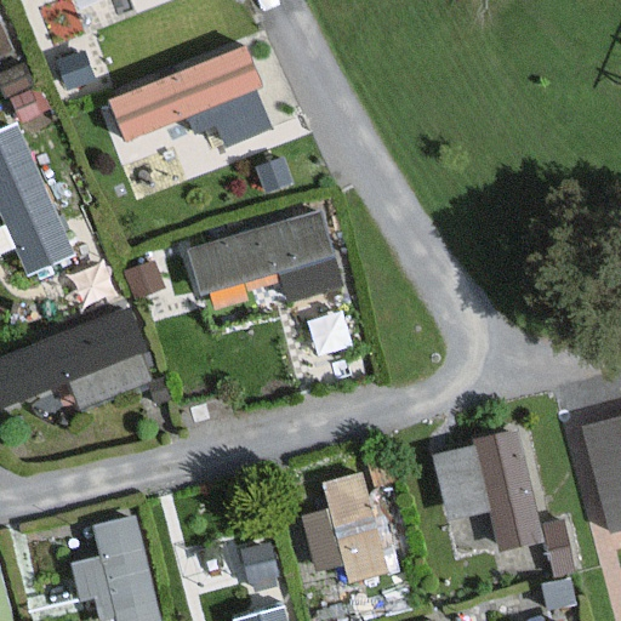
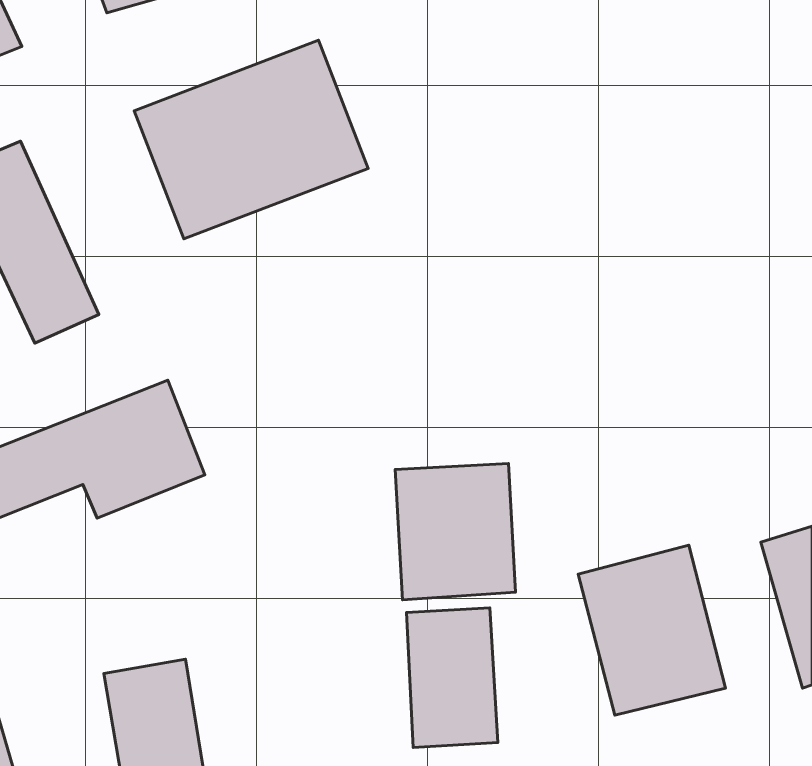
building: [182,210,343,302] -> none
building: none -> [395,463,515,600]

